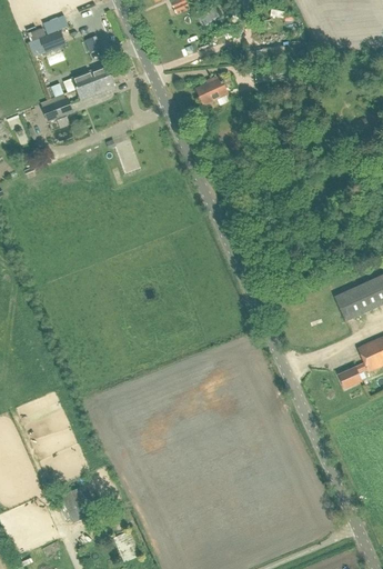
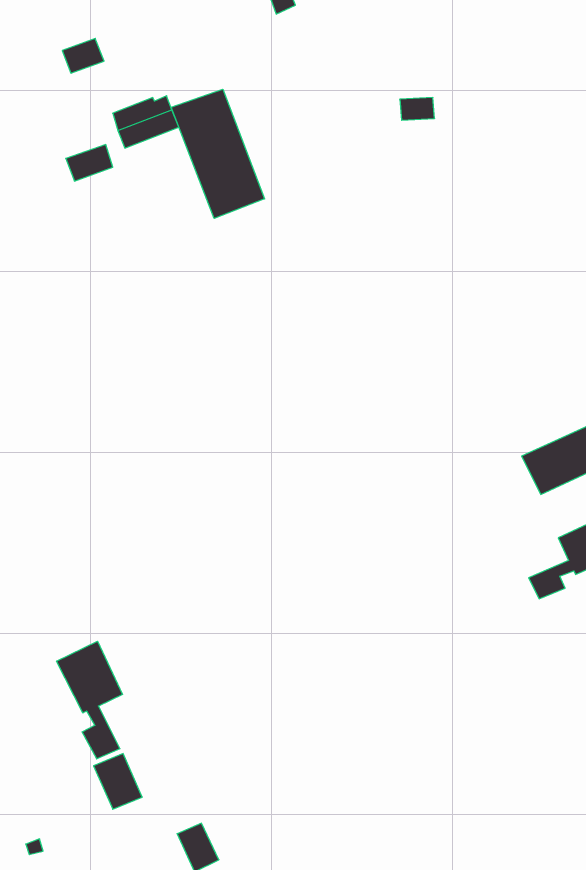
building: none -> [171,89,265,218]
building: [196,73,229,103] -> none
building: none -> [57,641,123,759]

